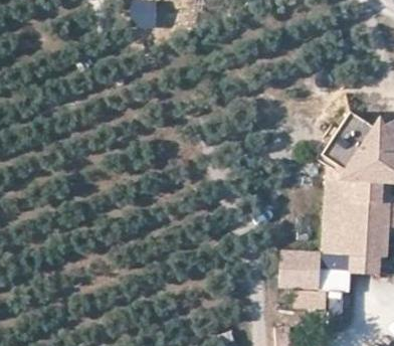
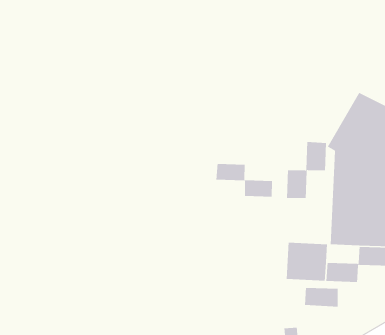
building: none -> [286,141,327,199]
building: none -> [216,163,273,198]

